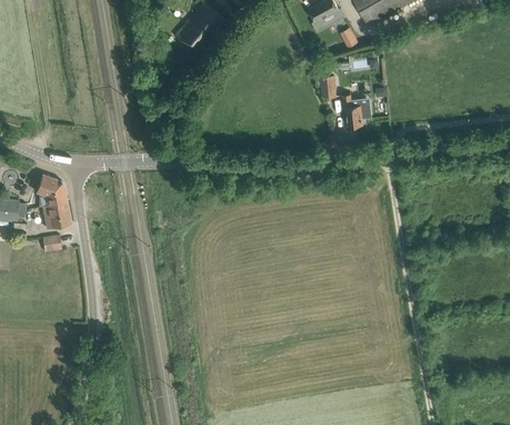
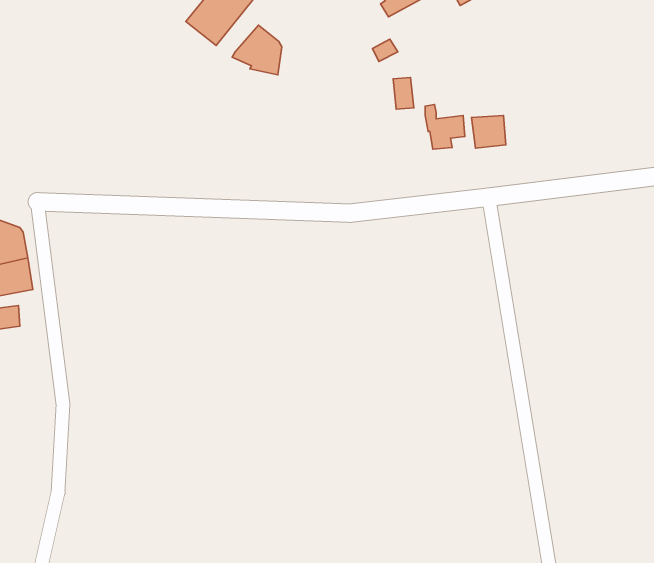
building: none -> [232,25,282,75]
building: none -> [471,115,506,148]

